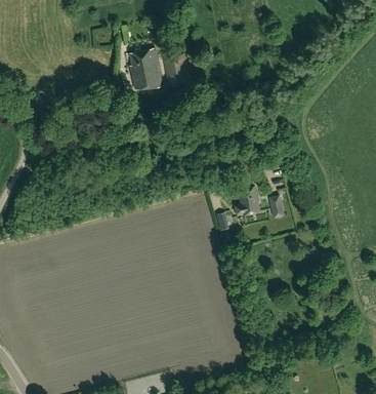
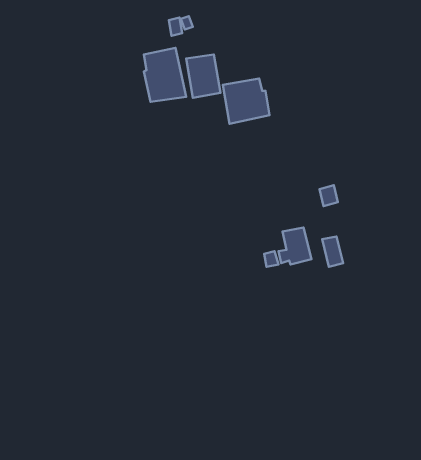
building: none -> [223,79,270,124]

